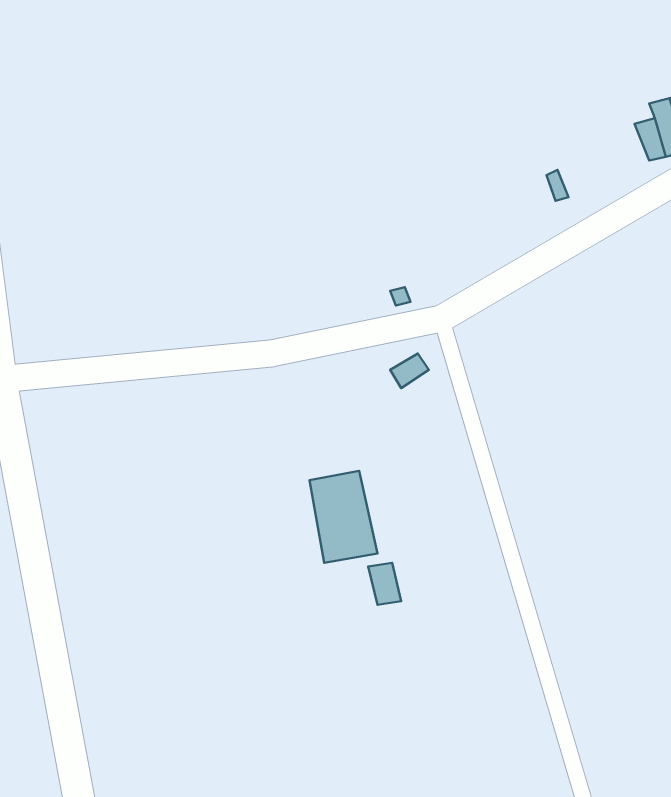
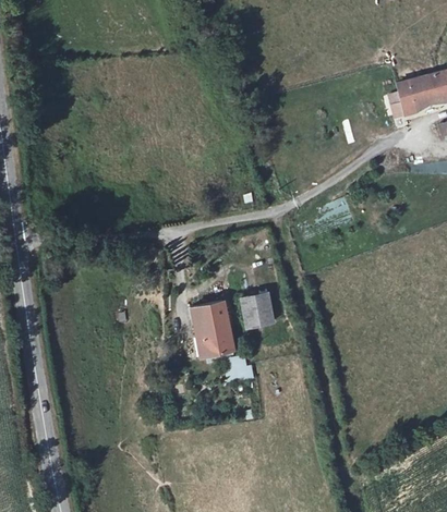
building: none -> [240,292,277,328]

